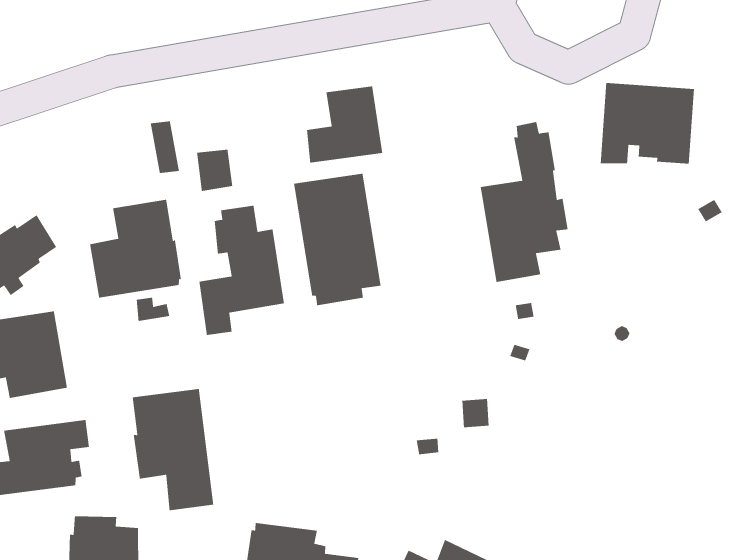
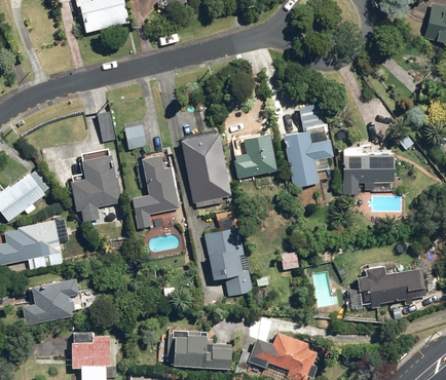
building: [600,82,695,165] -> [344,149,394,194]
building: [306,86,383,163] -> [234,134,277,179]
building: [132,388,214,511] -> [205,227,254,296]
building: none -> [356,266,426,308]

